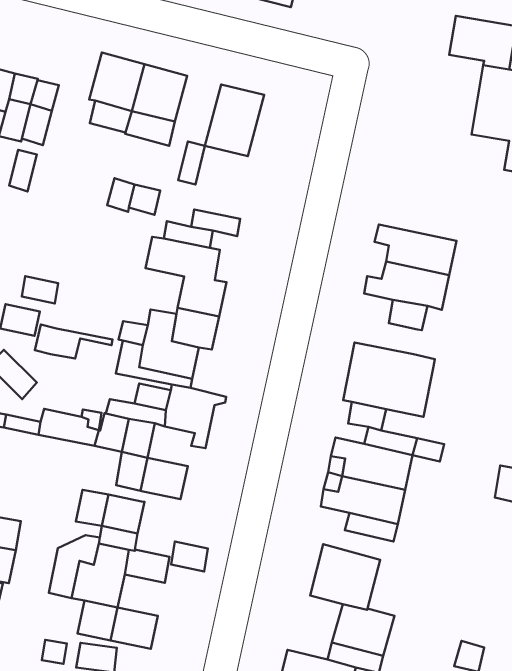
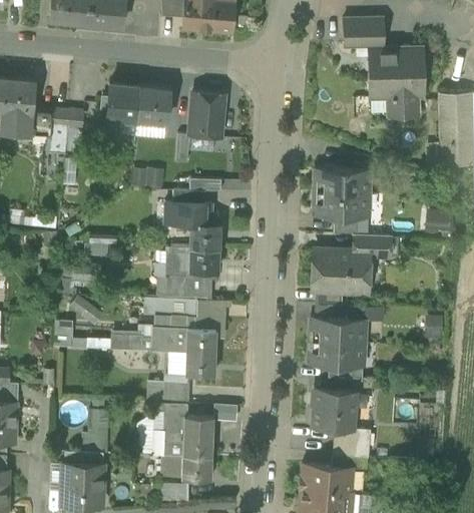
building: [35,324,113,358] -> [144,298,195,317]
building: none -> [355,234,391,259]
building: none -> [187,328,216,353]
building: none -> [184,433,213,457]

